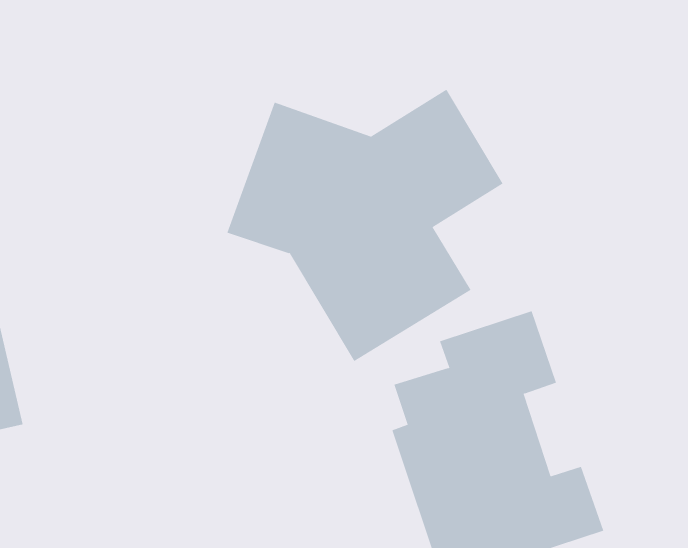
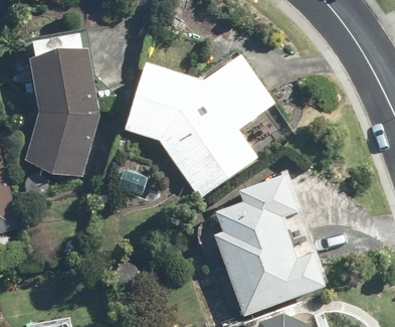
building: none -> [23,33,97,180]

